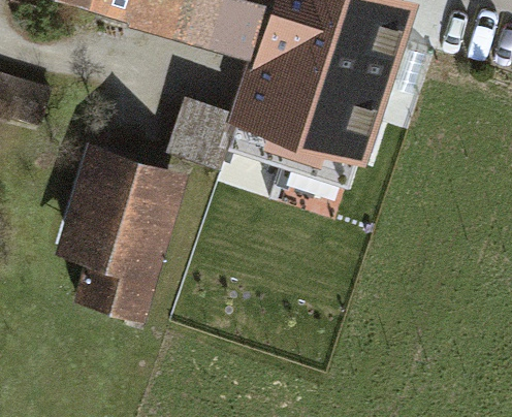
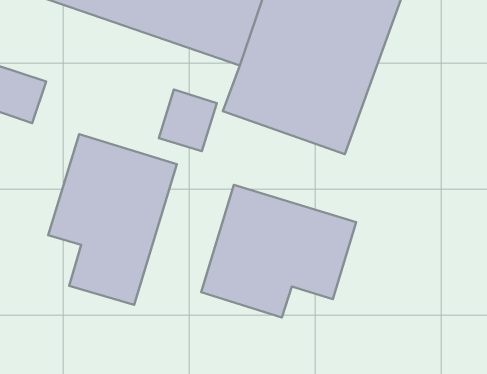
building: none -> [201,185,356,318]

